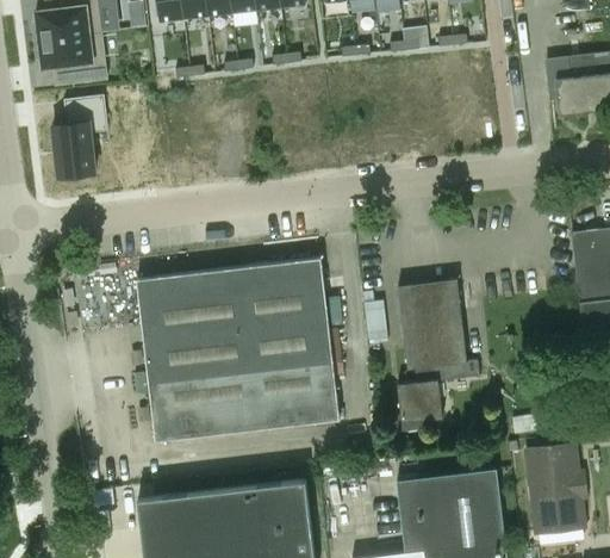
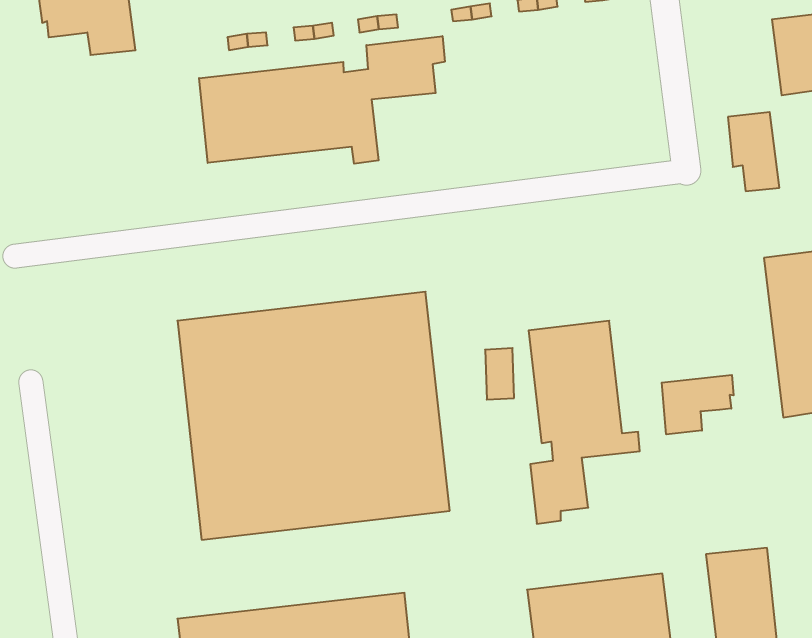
building: [546,56,584,114] -> [728,112,779,191]
building: none -> [199,36,445,164]
building: [51,95,105,178] -> none
building: none -> [662,375,734,434]

